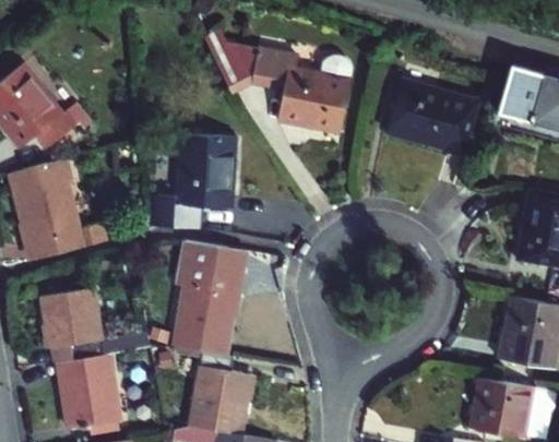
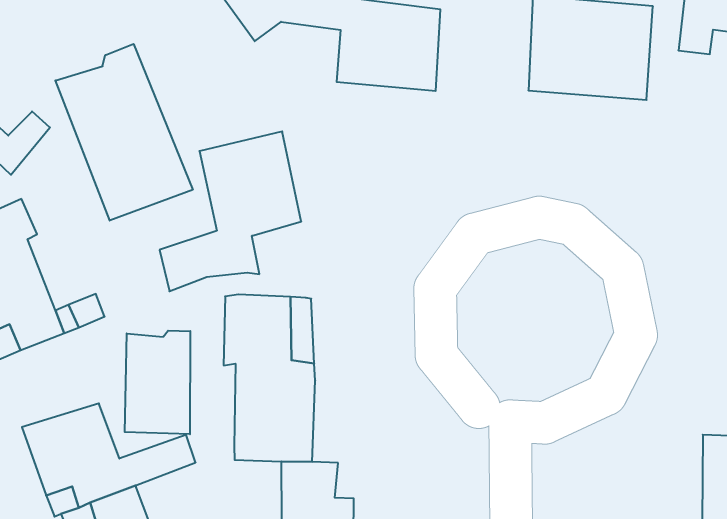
building: none -> [55,44,193,221]
building: none -> [125,331,190,434]

